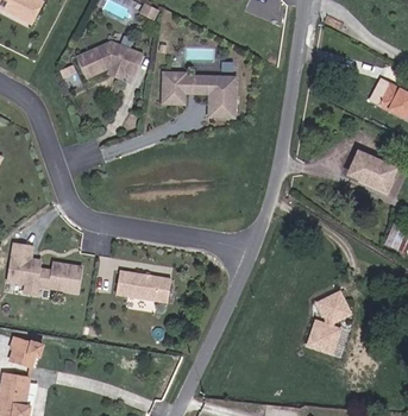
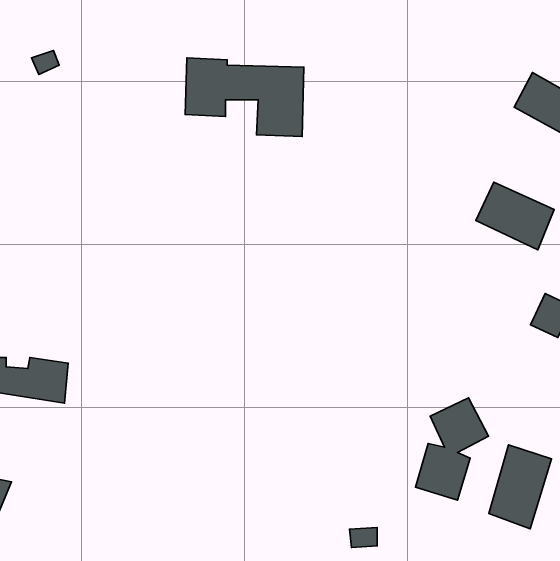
building: [79,40,145,78] -> none
building: [115,269,172,303] -> none
building: none -> [489,445,551,529]

